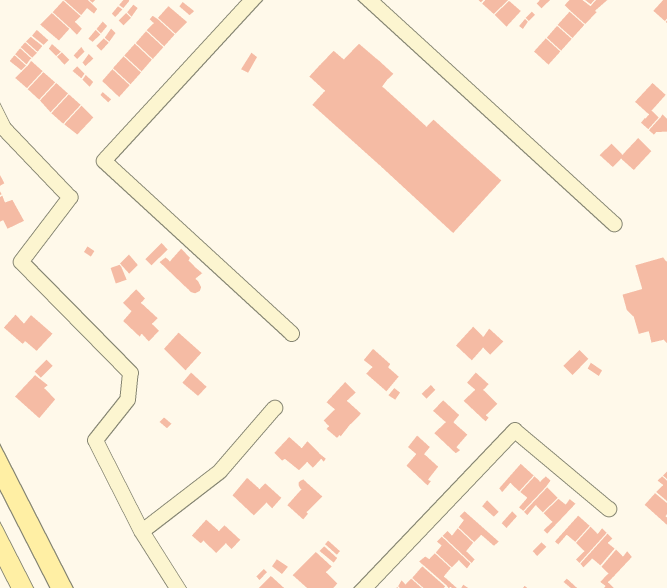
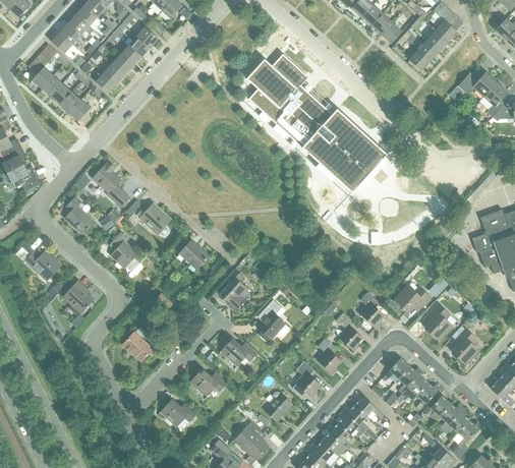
building: [599,137,652,171] -> [457,72,496,97]
building: none -> [96,163,130,208]
building: none -> [64,195,94,234]
building: [455,326,504,361] -> [395,286,431,311]
building: [163,332,202,371] -> [180,241,209,270]
building: none -> [220,269,245,311]
building: [363,348,400,393] -> none
building: [14,374,56,419] -> [62,281,93,313]
building: none -> [426,305,452,340]
building: none -> [454,330,478,364]
building: none -> [122,331,153,361]
building: none -> [292,361,320,398]
building: [287,478,323,521] -> [265,391,291,421]

